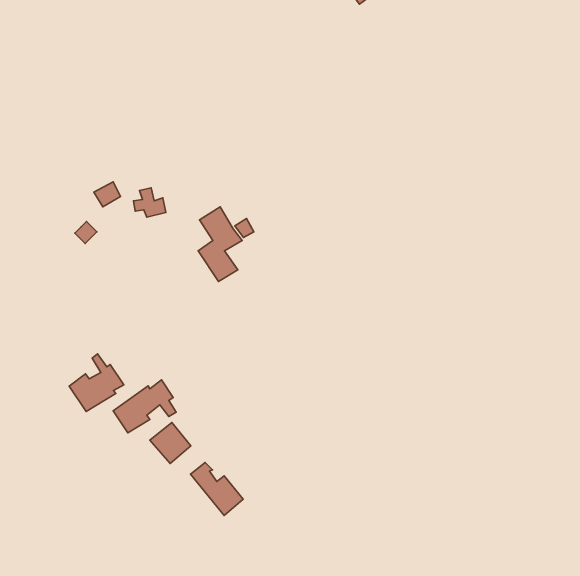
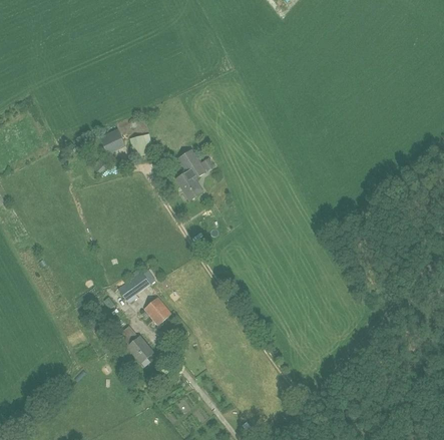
building: [69,354,124,412] -> none
building: [190,463,243,515] -> [116,327,152,363]

